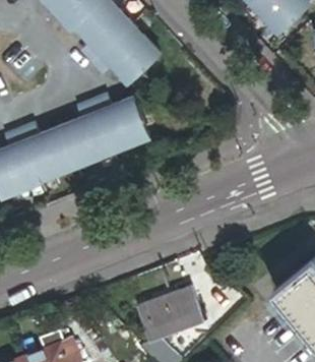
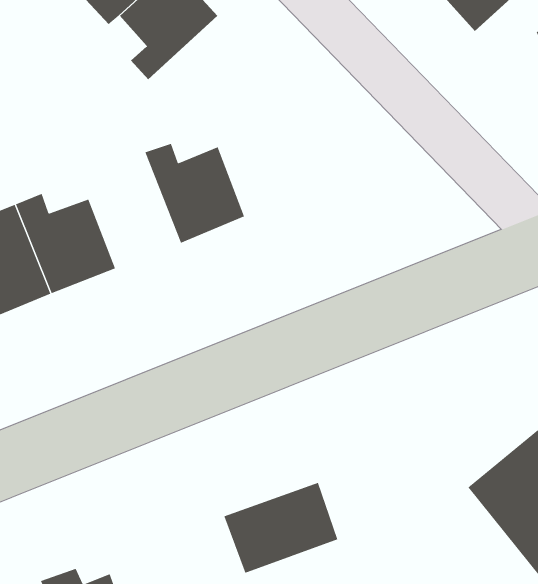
building: [93,24,160,81] -> none
building: [60,102,112,168] -> none

